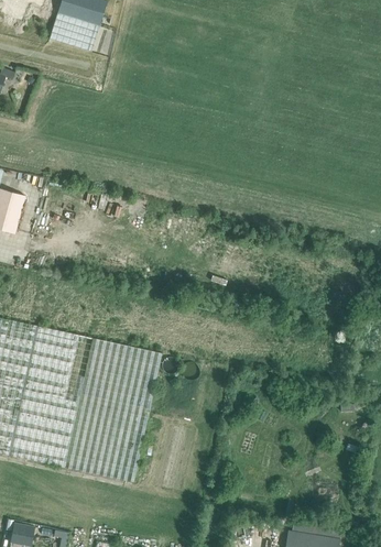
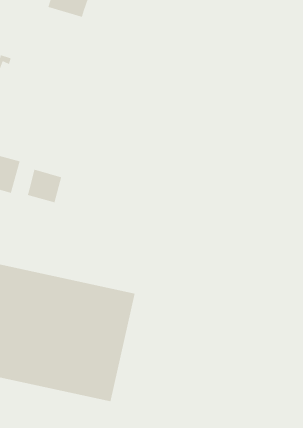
building: [50,12,99,51] -> none
building: none -> [27,169,62,203]

